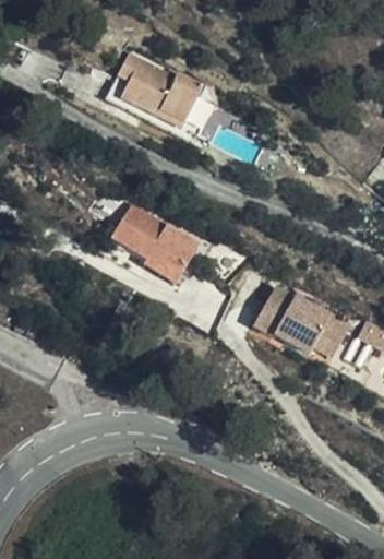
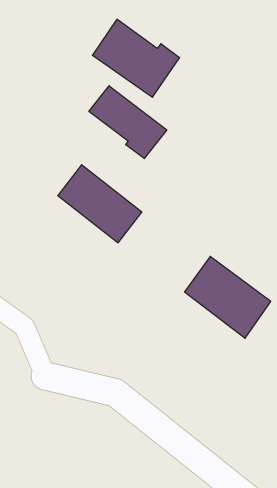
building: none -> [89,86,167,159]

